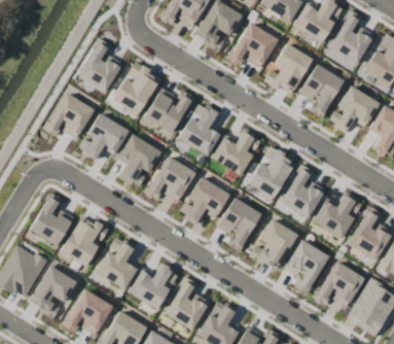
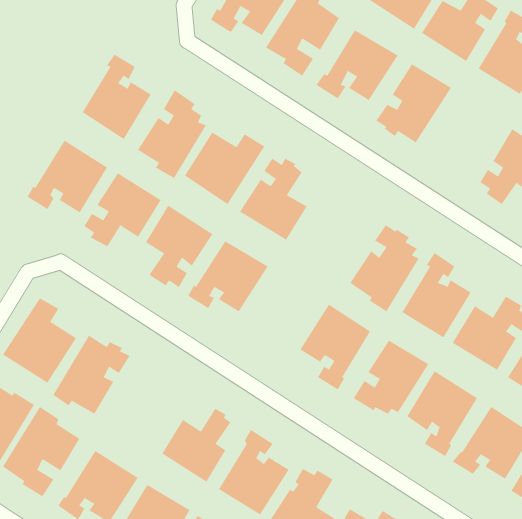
building: [298,64,344,118] -> none
building: [211,128,261,176] -> none
building: [180,177,229,225] -> none
building: [95,238,137,290] -> none

